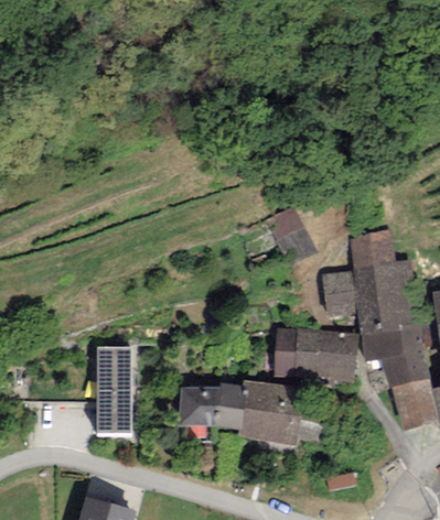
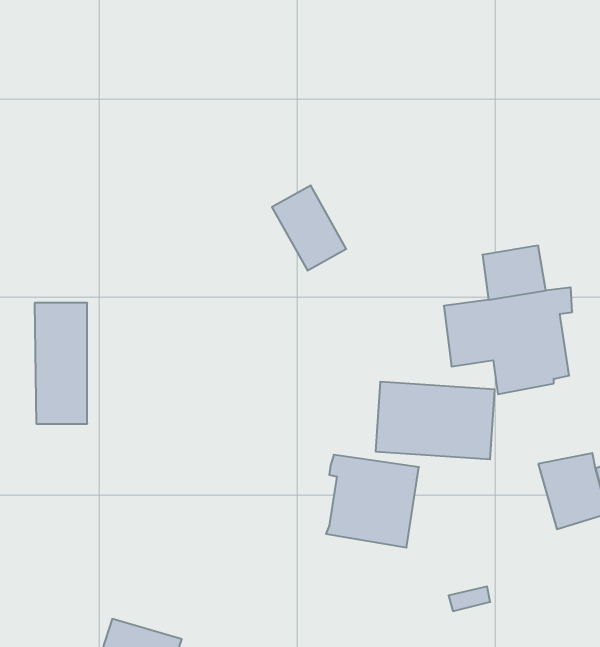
building: [265,207,318,268] -> [272,185,346,271]
building: [362,322,429,386] -> none
building: [96,346,133,432] -> [35,303,87,424]
building: [178,382,247,430] -> none

